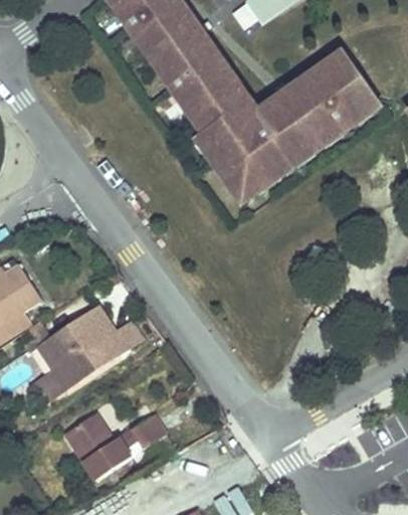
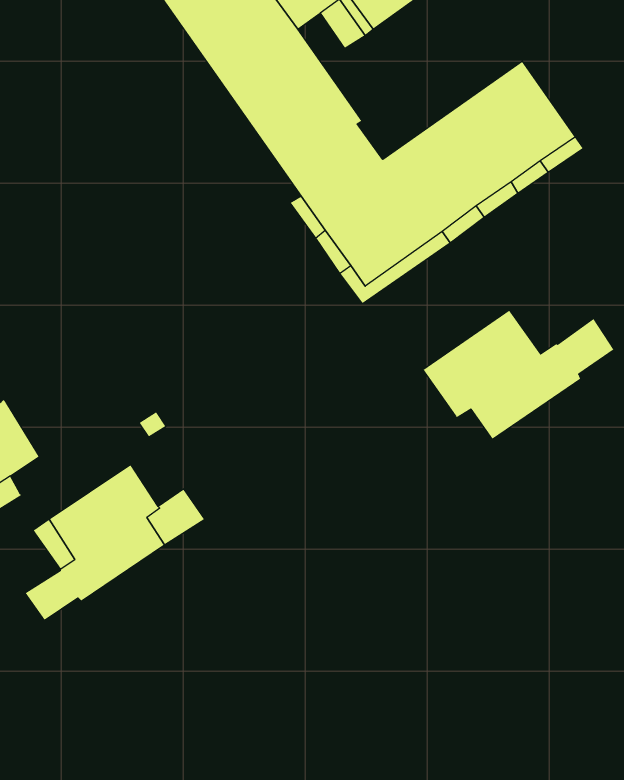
building: none -> [423,310,614,439]
building: [63,412,176,482] -> none

